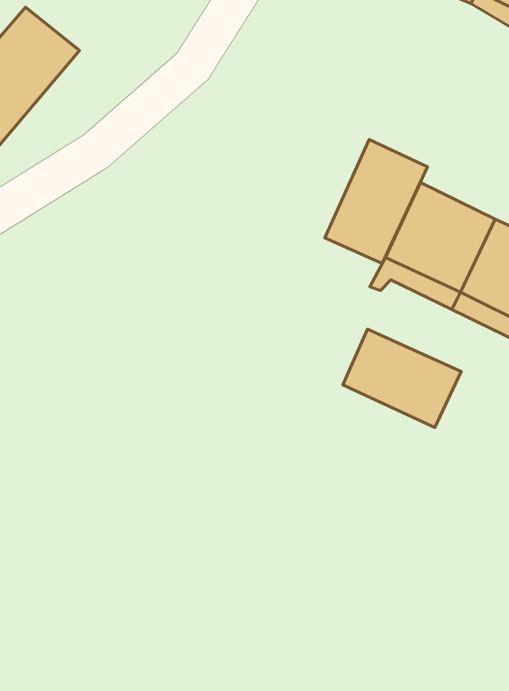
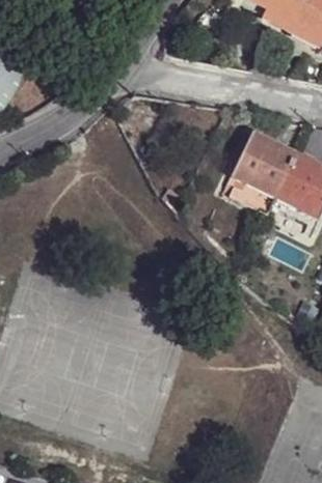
building: [325,140,427,264] -> none
building: [343,329,461,428] -> none

